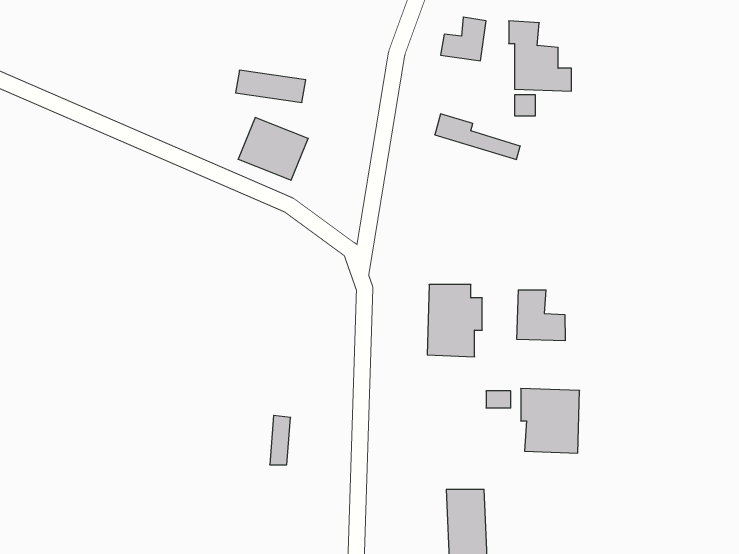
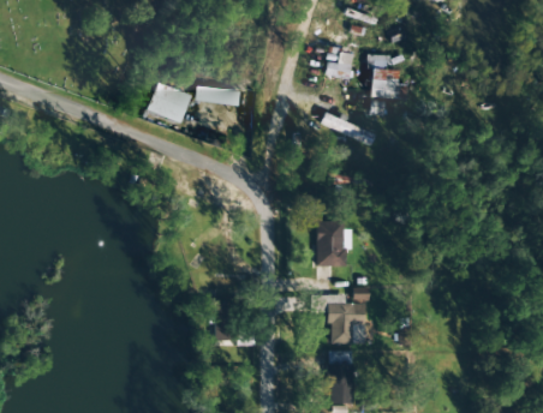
building: [238,118,308,180] -> [145,83,190,122]
building: [517,290,565,341] -> none
building: [521,389,580,453] -> [328,304,365,345]

